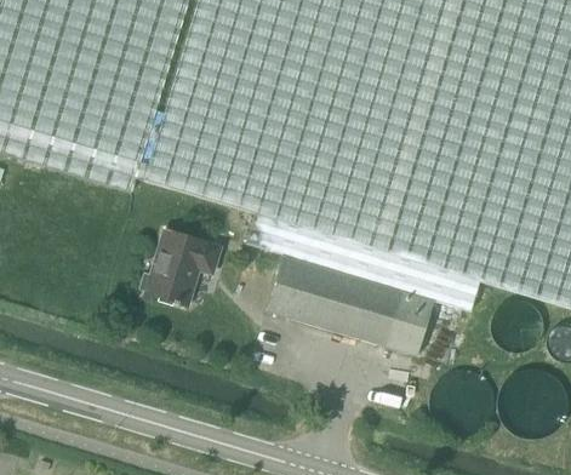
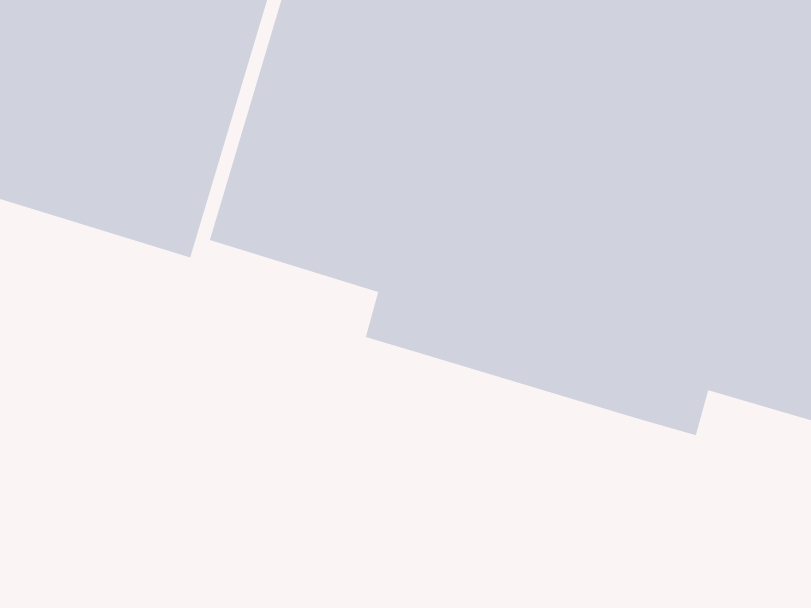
building: [138,230,221,308] -> none
building: [267,256,433,357] -> none

